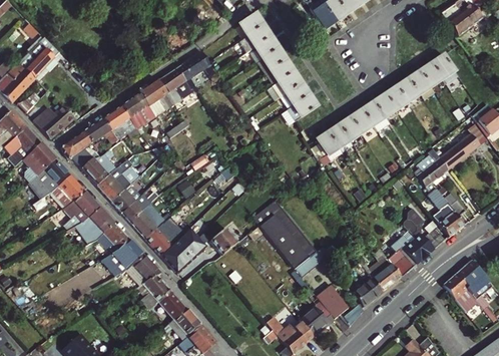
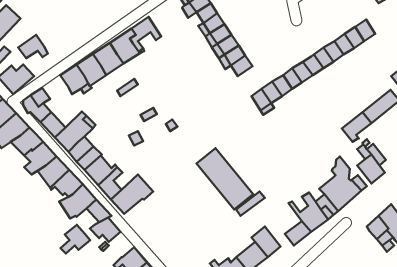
building: [83,116,116,142] -> [18,35,48,58]
building: [209,228,237,255] -> none
building: [152,291,185,323] -> [60,225,90,254]

